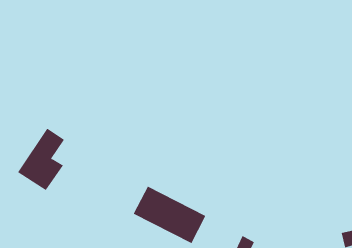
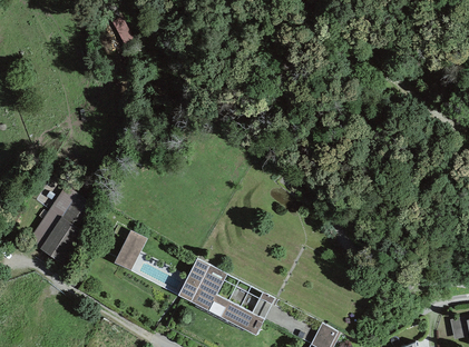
building: none -> [115,231,147,271]

